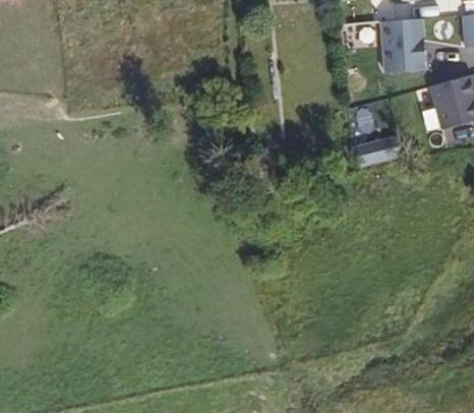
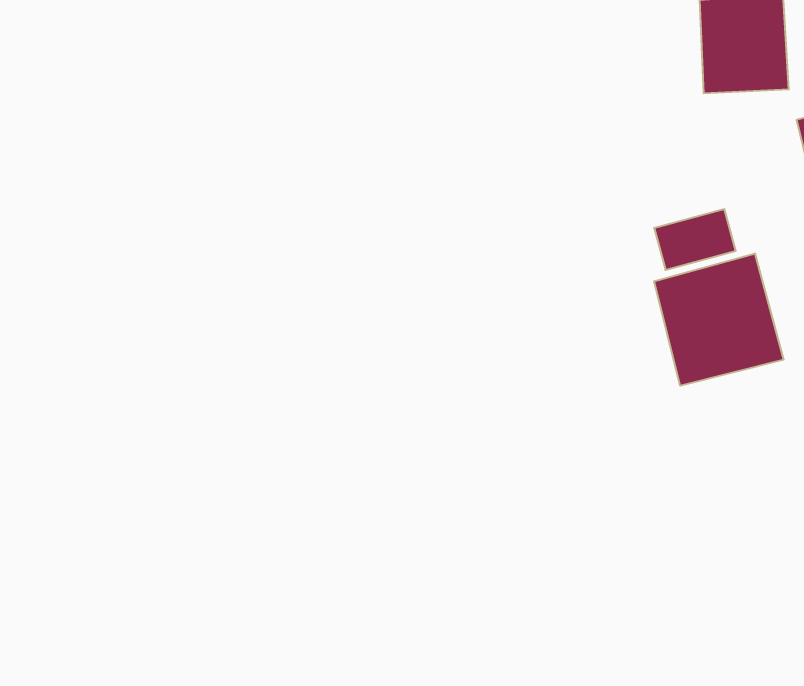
building: none -> [654,253,784,386]

